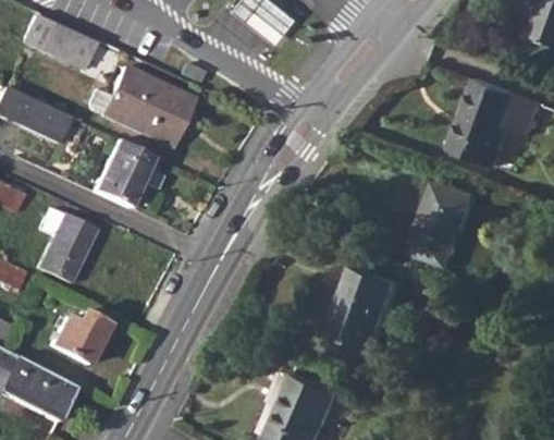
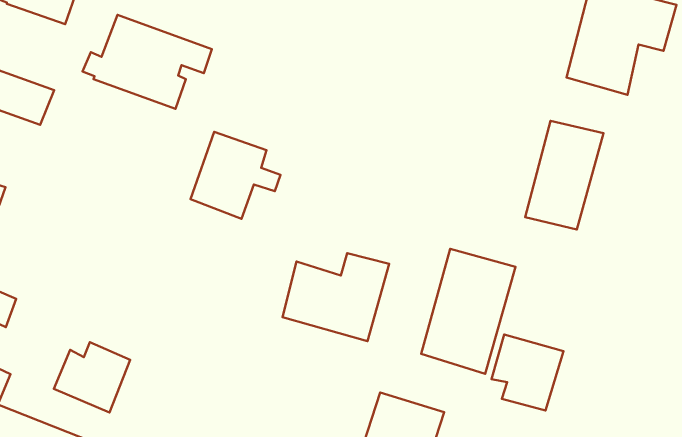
building: [93,138,162,206] -> [190,132,280,219]
building: [37,207,95,281] -> none
building: none -> [282,253,389,341]
building: none -> [492,334,564,411]

